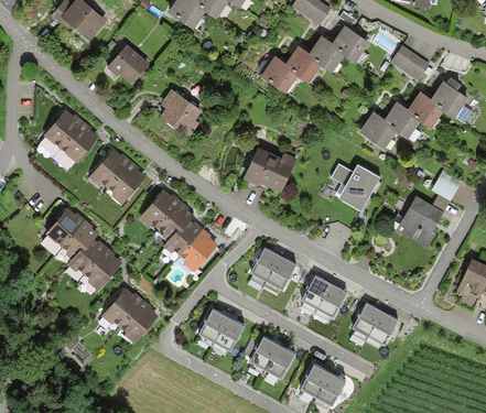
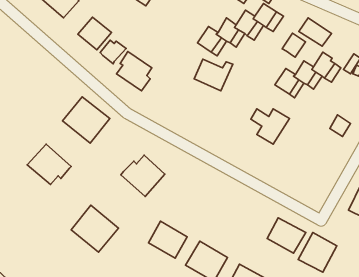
building: none -> [100,40,126,64]
building: [431,80,461,111] -> [282,33,305,57]
building: [41,109,98,165] -> none
building: [244,149,293,189] -> [194,59,233,91]
building: [137,188,194,242] -> none
building: [397,197,440,244] -> none
building: [66,238,123,292] -> none
building: [249,247,299,292] -> none
building: [298,274,346,320] -> none
building: none -> [298,233,337,272]

